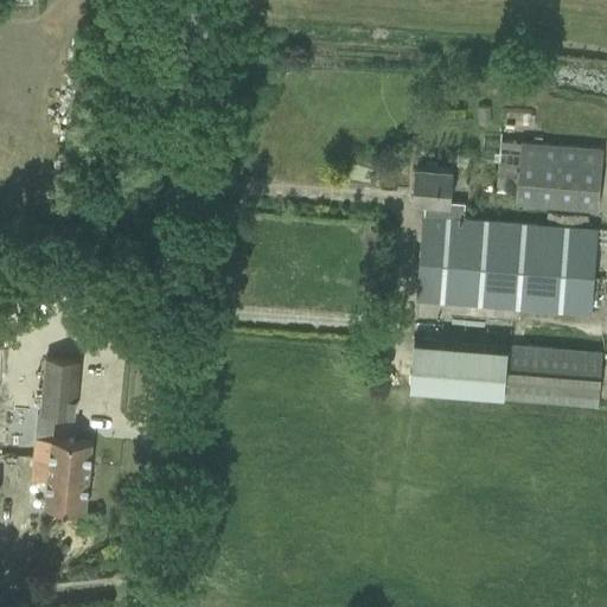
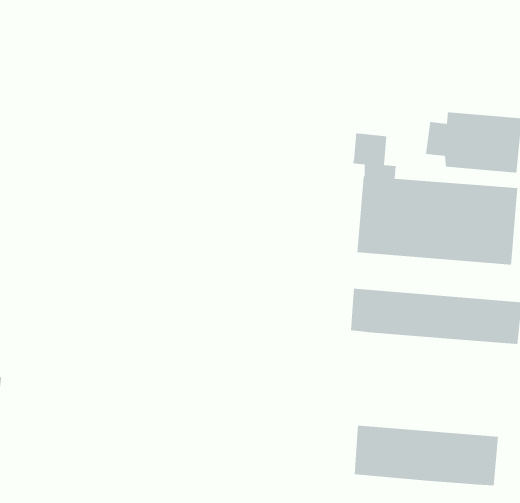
building: [32,360,92,515] -> none
building: none -> [354,425,498,486]

